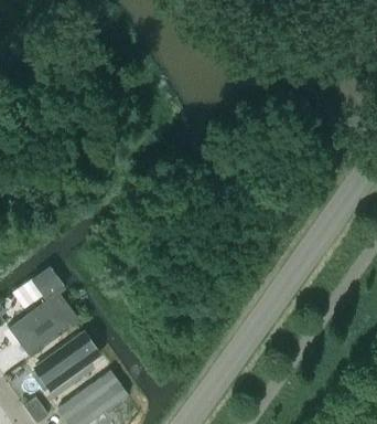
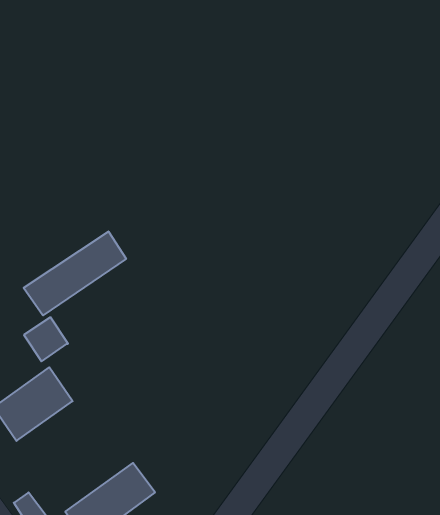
building: none -> [24,231,126,315]
building: [36,337,103,395] -> none

